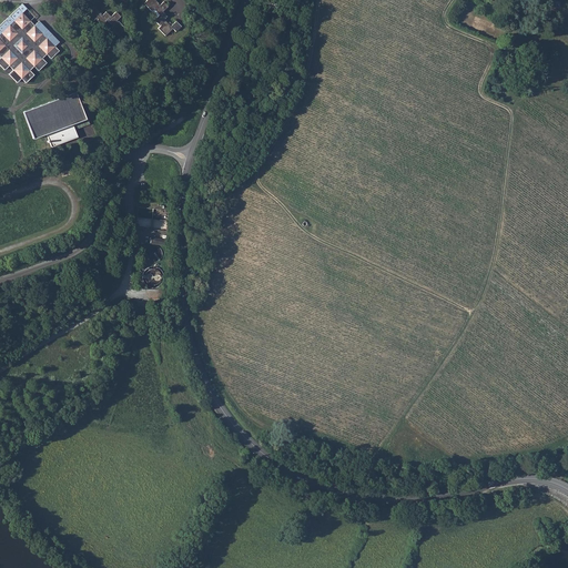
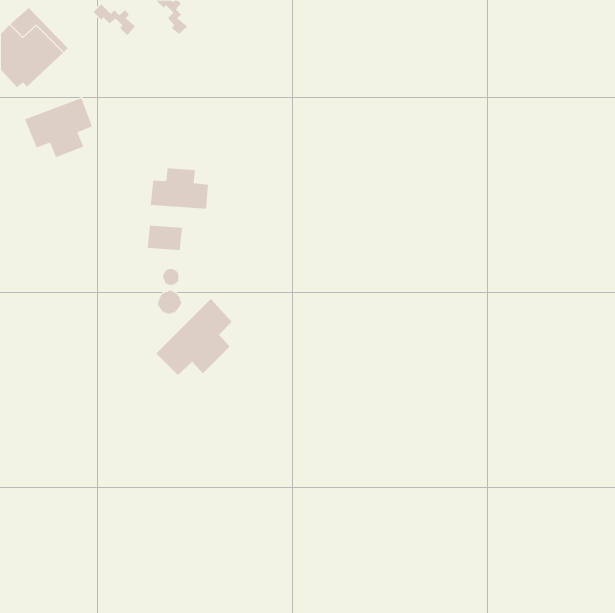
building: none -> [150,168,208,210]
building: none -> [155,298,232,376]

